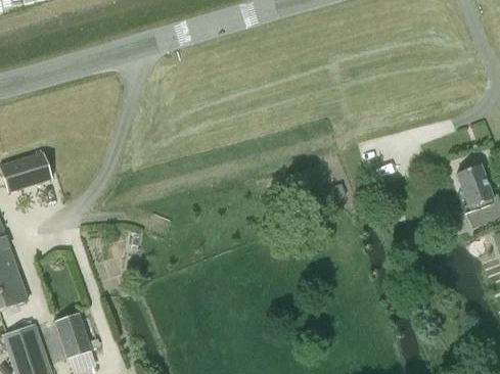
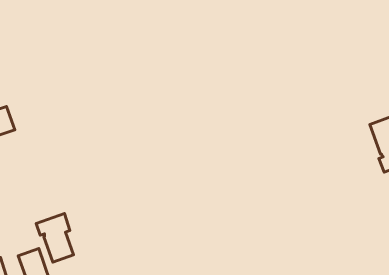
building: none -> [36,213,74,262]

